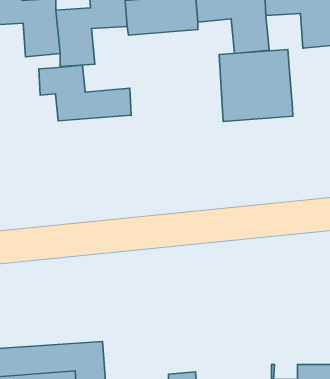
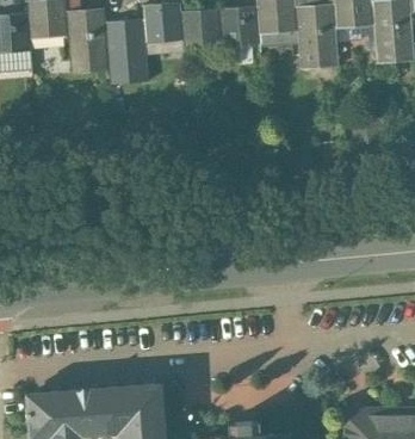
building: [219,49,293,121] -> none
building: [39,65,131,121] -> none

